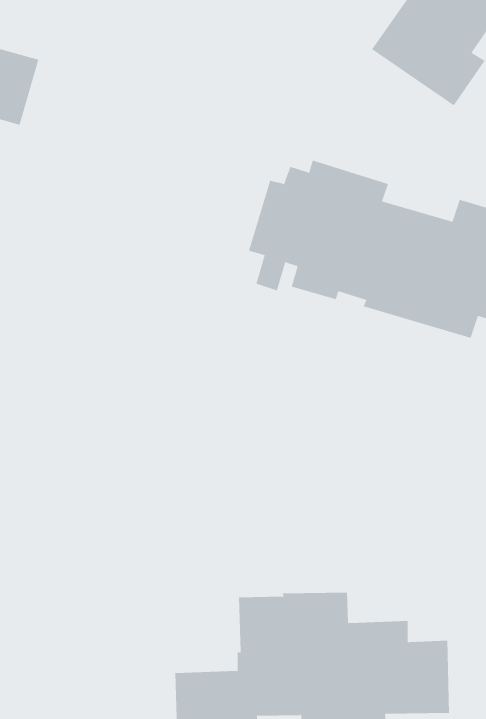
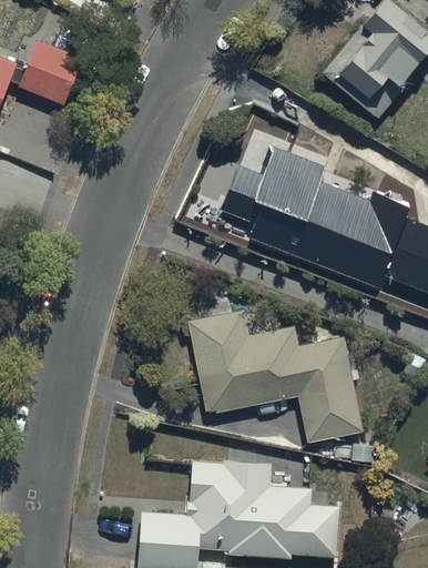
building: none -> [187,308,363,443]

